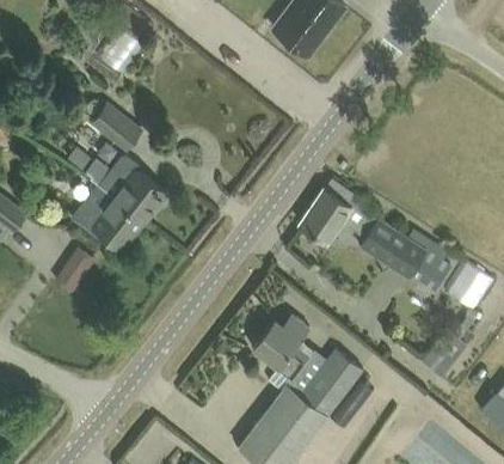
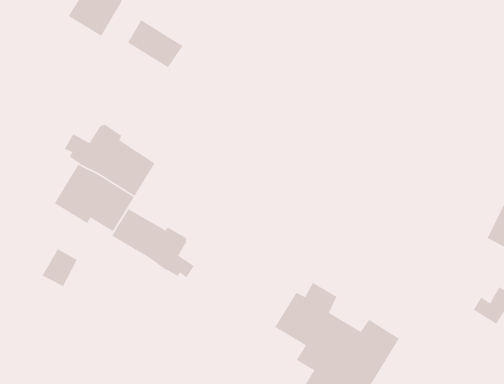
building: [92,105,141,151] -> [127,19,183,68]
building: [300,181,450,291] -> none
building: none -> [111,208,195,278]

